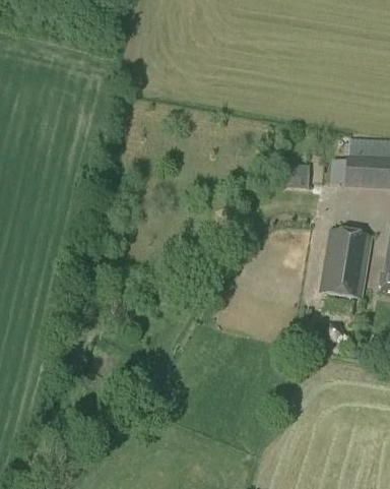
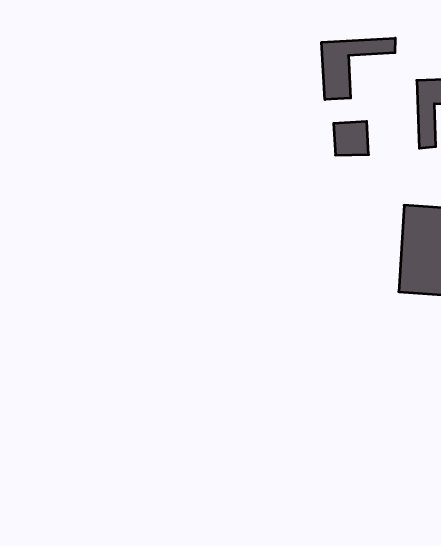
building: none -> [322,38,395,100]

